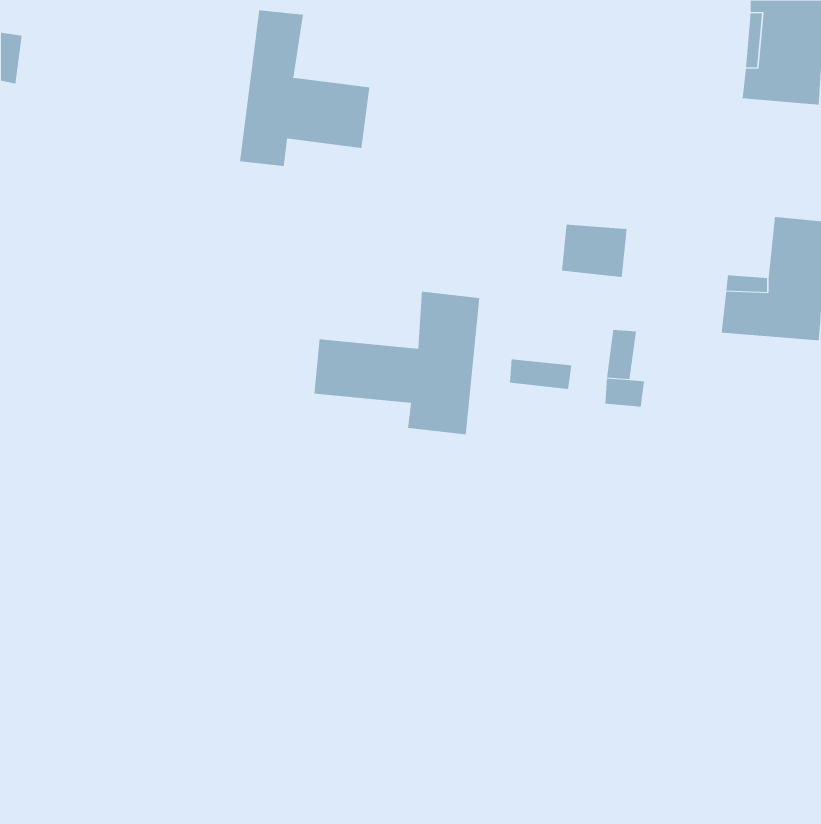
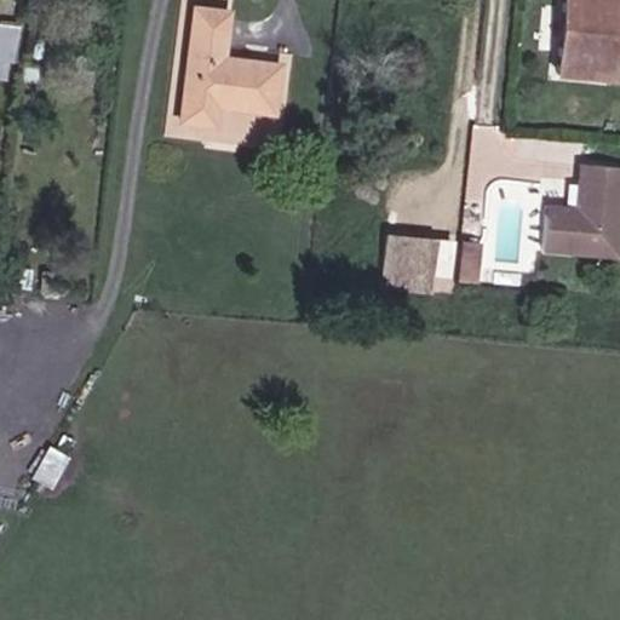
building: [561,224,627,277] -> [386,235,436,275]
building: [314,291,480,435] -> none

